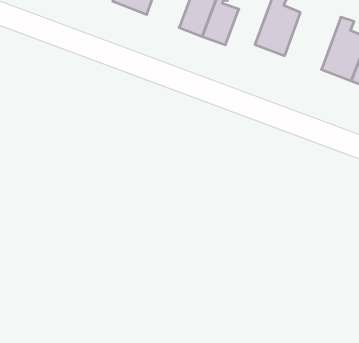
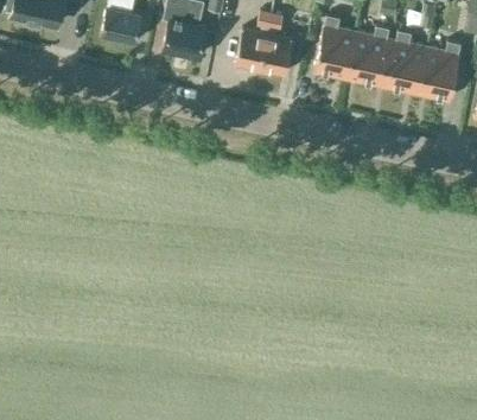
building: none -> [345,26,389,85]

